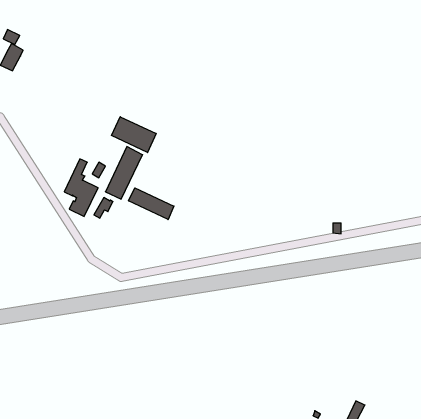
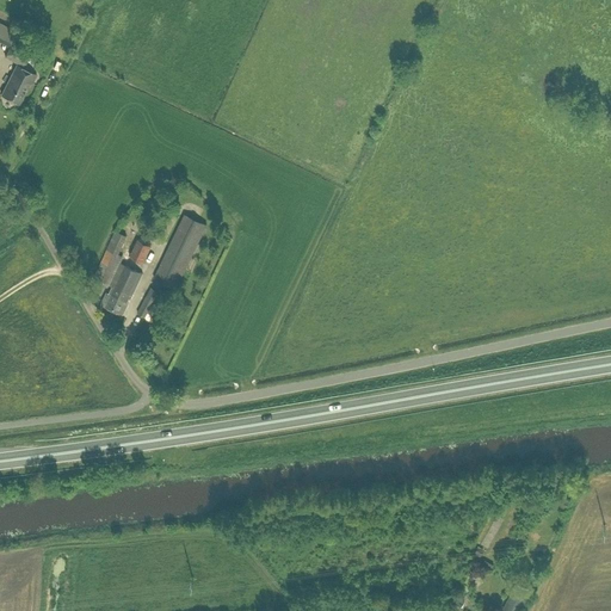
building: [111,117,156,153] -> none
building: [129,188,174,220] -> none

